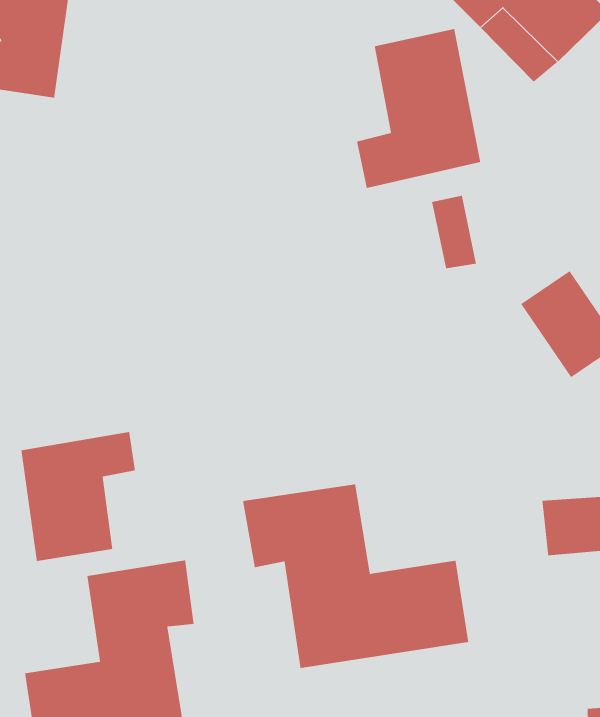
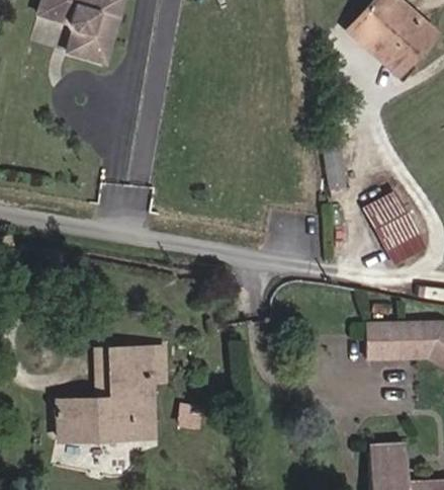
building: [356,28,481,189] -> none
building: [21,431,136,562] -> none
building: [242,483,469,669] -> none

